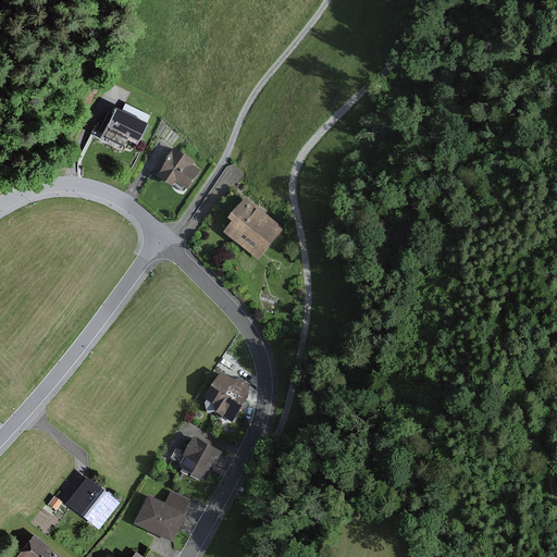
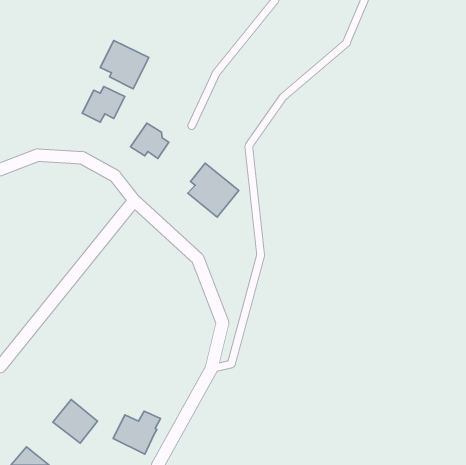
building: none -> [100,40,149,89]
building: [203,370,249,421] -> none
building: [171,435,222,481] -> none

